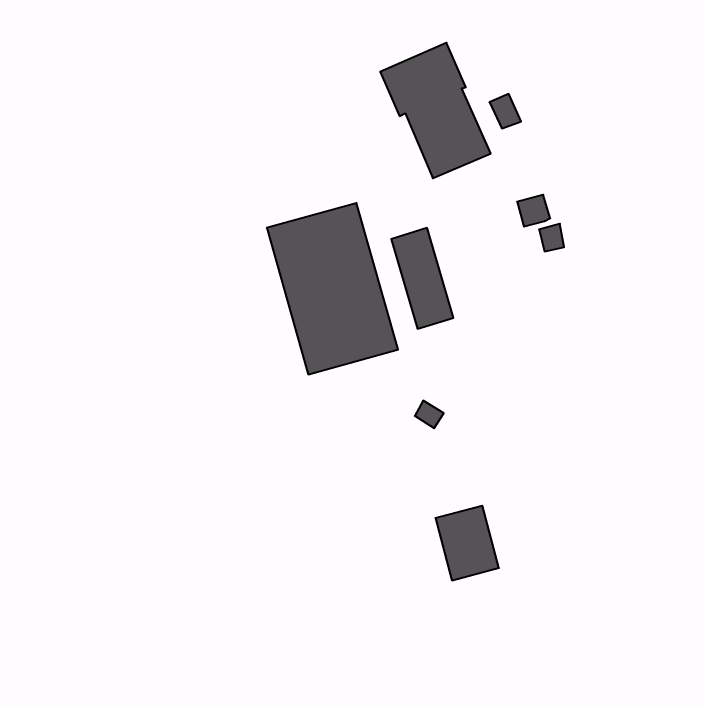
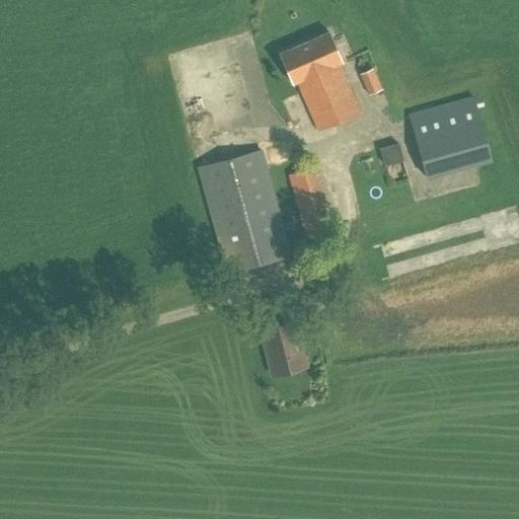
building: none -> [410,95,494,179]
building: [435,506,499,580] -> [261,321,307,376]

